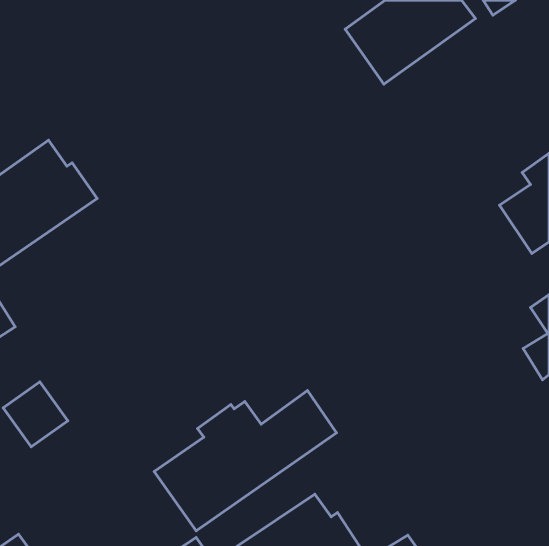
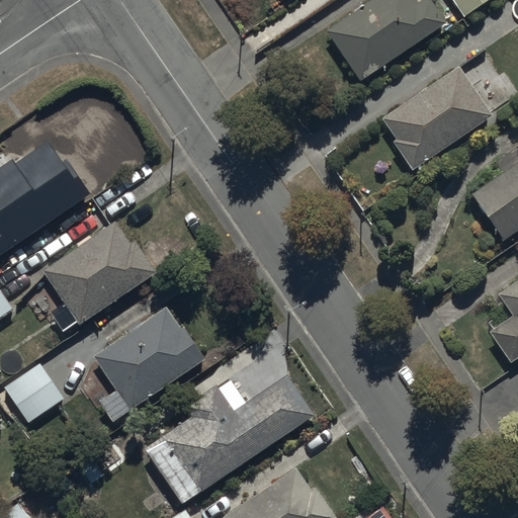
building: none -> [381,66,502,171]
building: none -> [42,223,156,332]
building: none -> [94,305,206,409]

